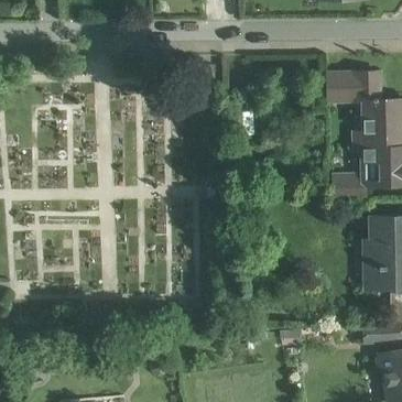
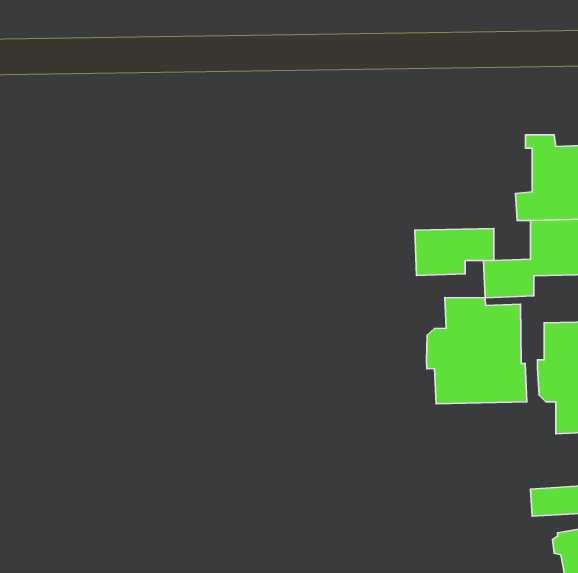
building: [326,72,378,102] -> [415,228,494,275]
building: none -> [426,298,527,404]

